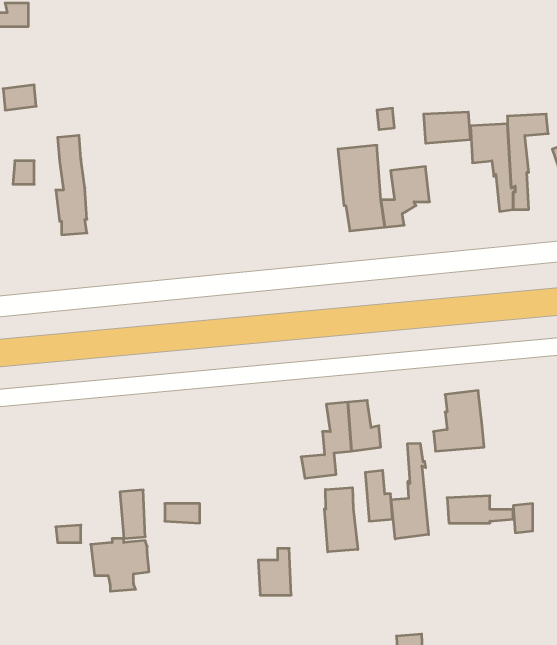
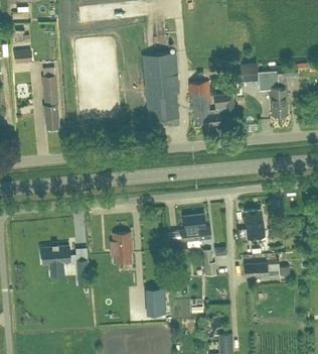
building: none -> [142,52,179,125]
building: none -> [110,232,132,262]
building: [391,443,429,539] -> none
building: [324,488,358,552] -> none
building: [91,539,149,591] -> [40,244,70,271]

